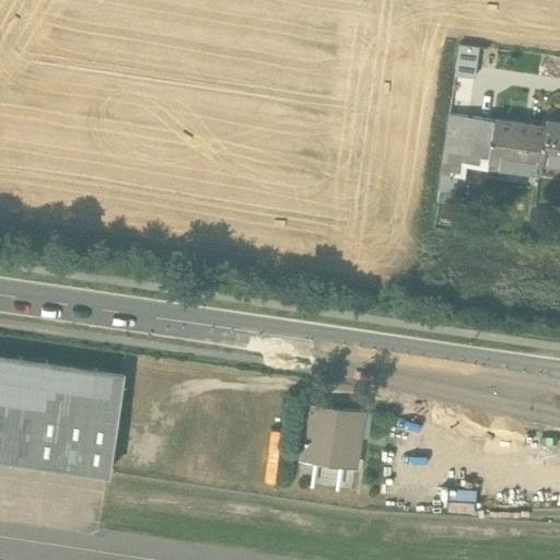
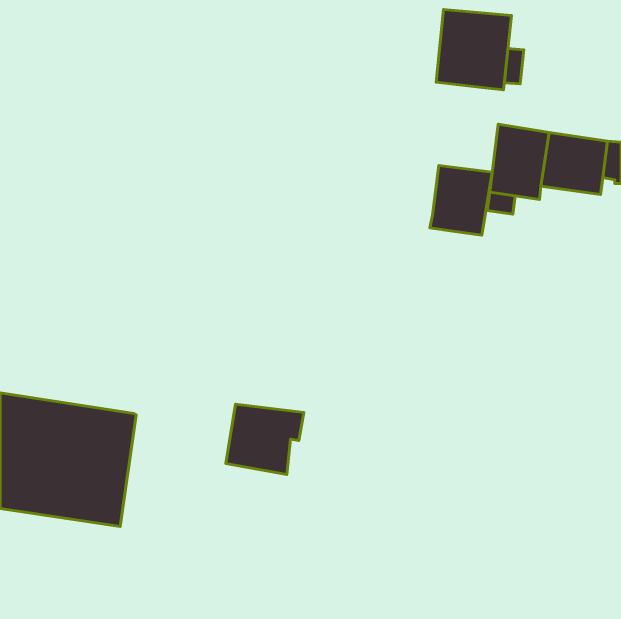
building: none -> [436,9,512,90]
building: none -> [430,165,492,235]
building: [300,408,370,471] -> [226,404,304,475]

